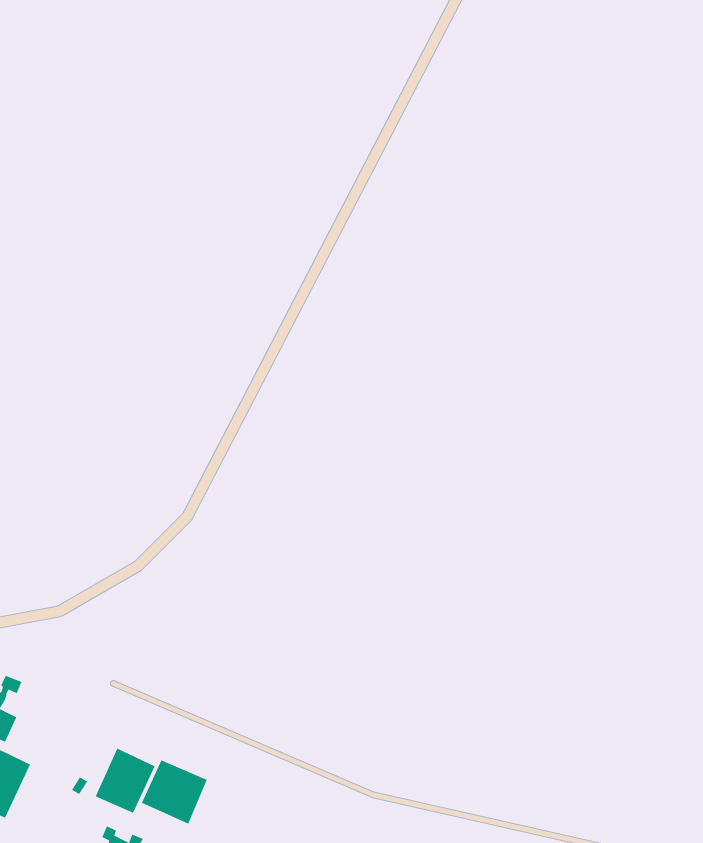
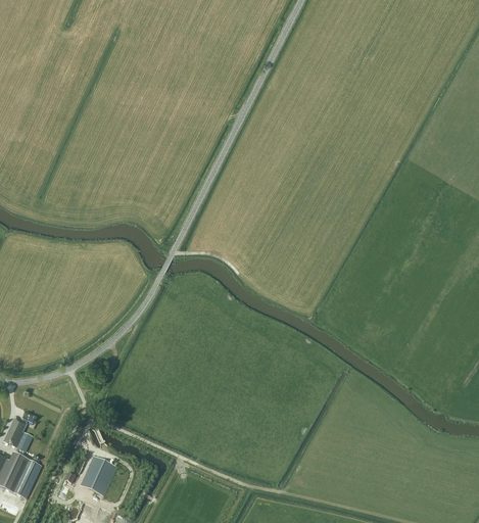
building: [141,760,207,824] -> none

